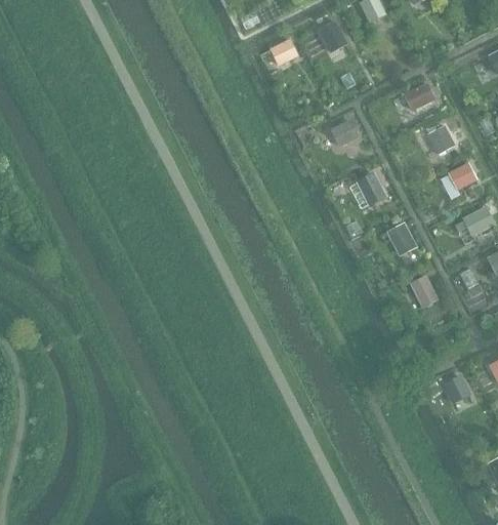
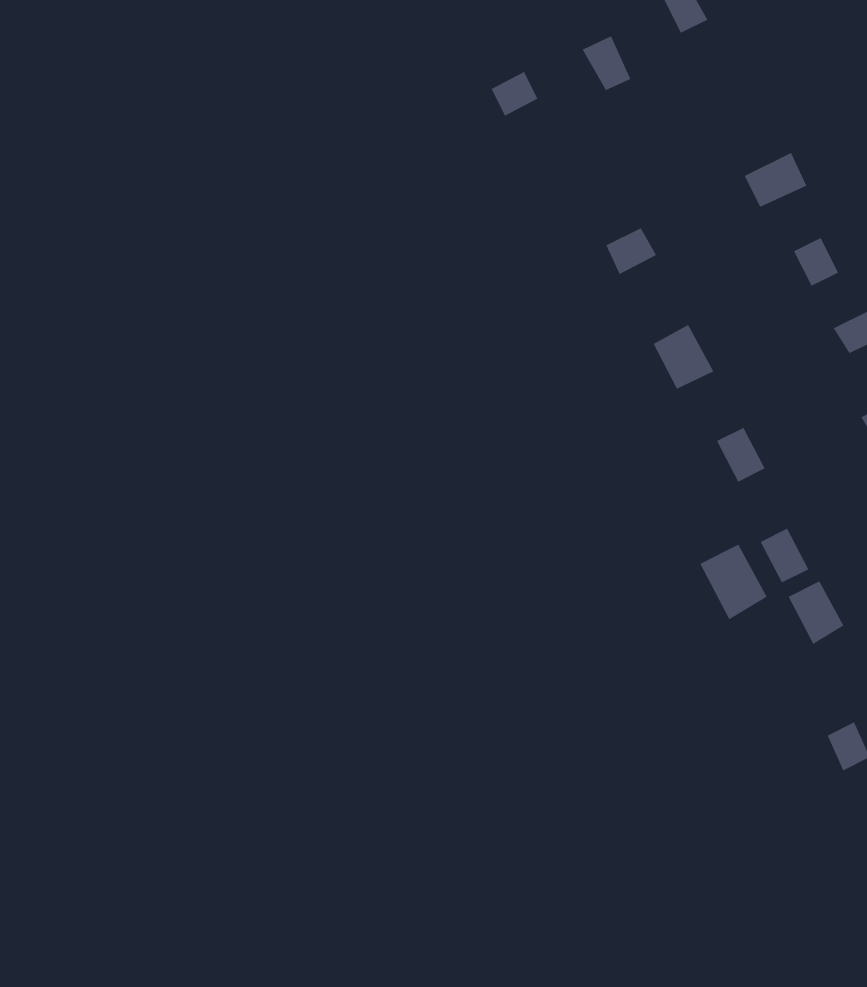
building: none -> [700,544,767,620]
building: none -> [788,580,844,645]

